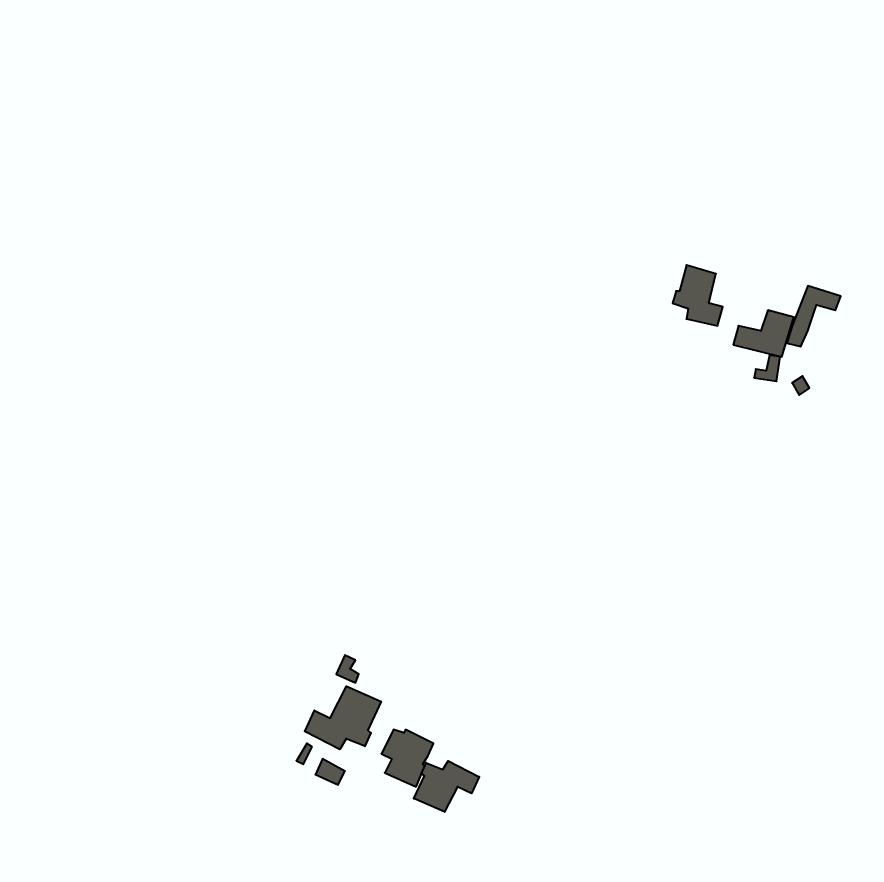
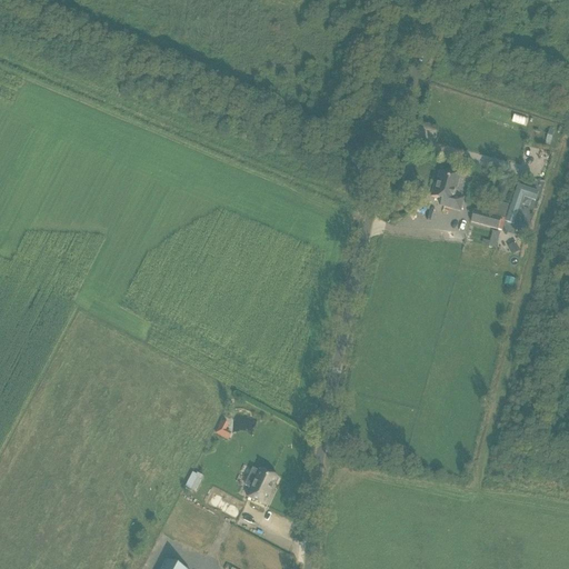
building: [305,686,381,749] -> none
building: [414,761,479,812] -> none

